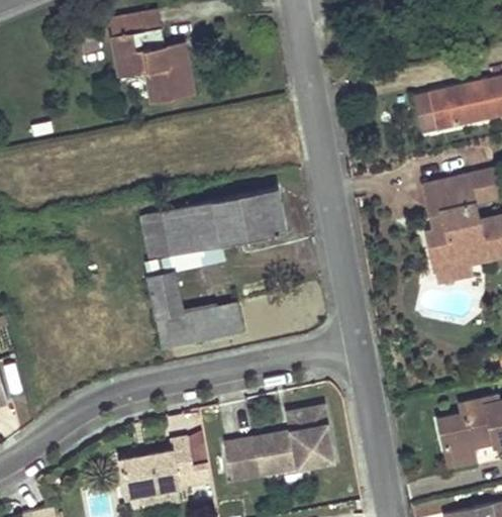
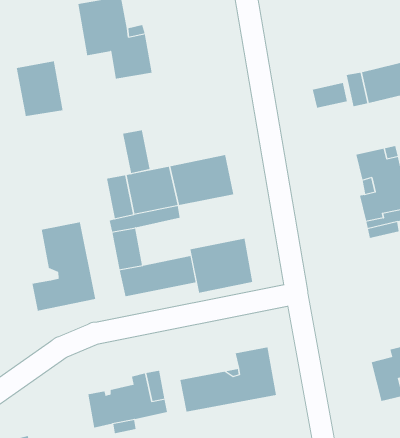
building: none -> [16,60,63,117]
building: none -> [312,82,348,109]
building: none -> [123,130,150,174]
building: none -> [32,222,96,311]
building: none -> [190,238,253,293]

